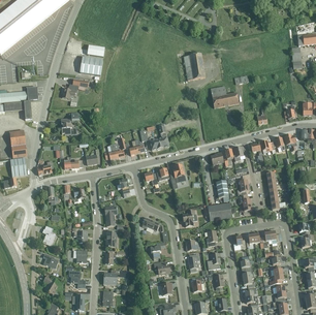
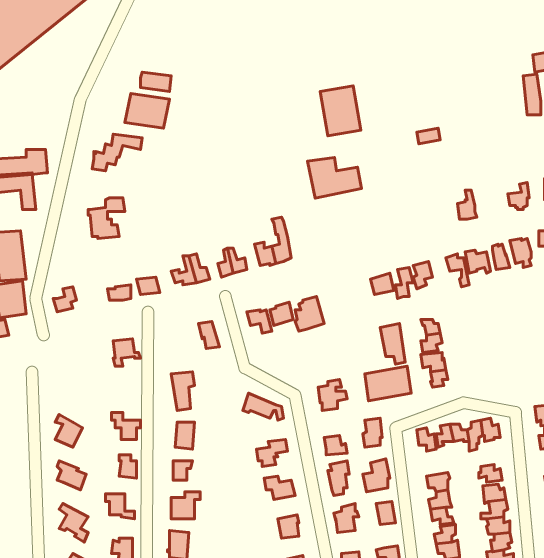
building: [211,85,240,106] -> [307,157,362,198]

